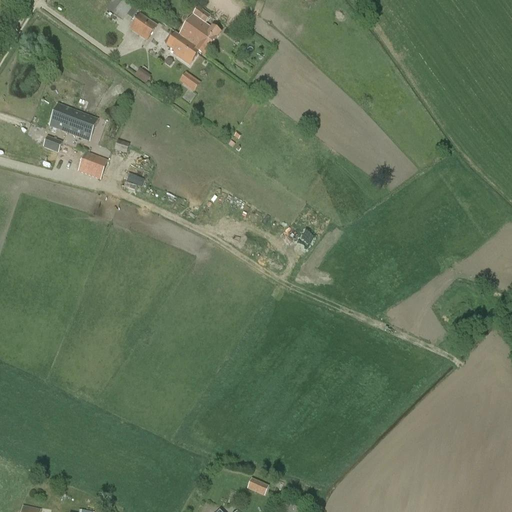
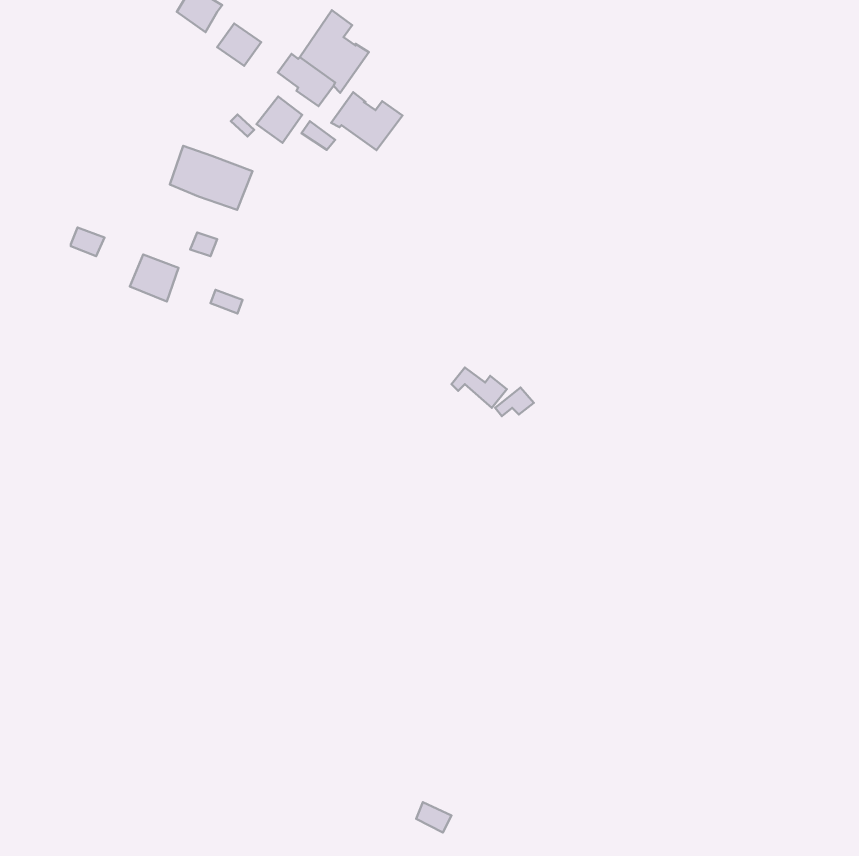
building: none -> [331,92,403,150]
building: none -> [257,96,302,143]
building: [48,102,97,140] -> [170,146,252,210]

